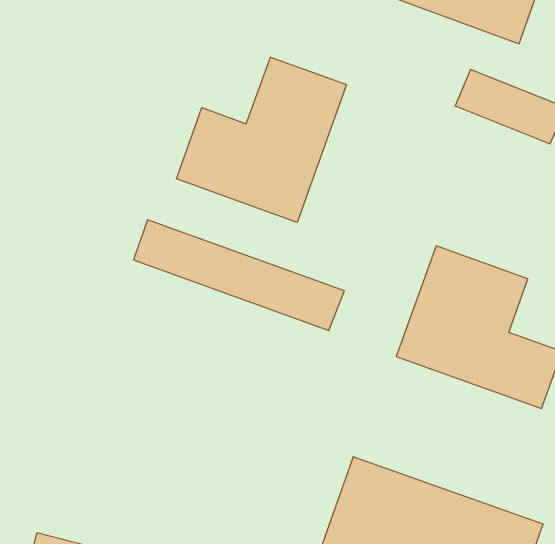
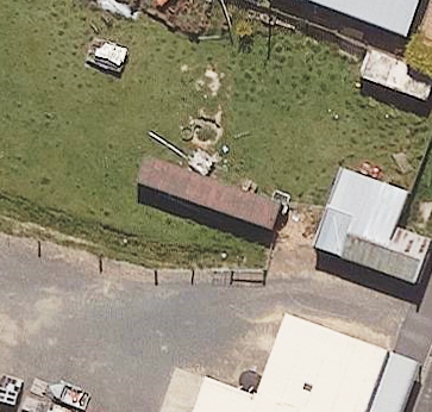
building: [176,57,347,222] -> none

